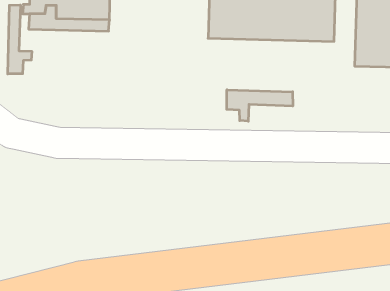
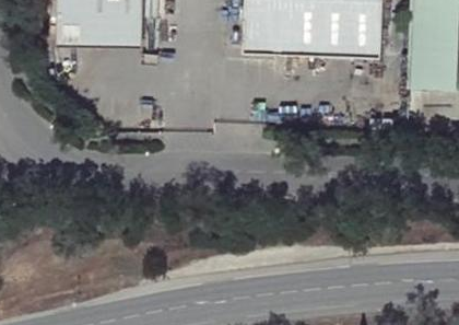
building: [8,5,32,74] -> none
building: [227,90,293,121] -> none

